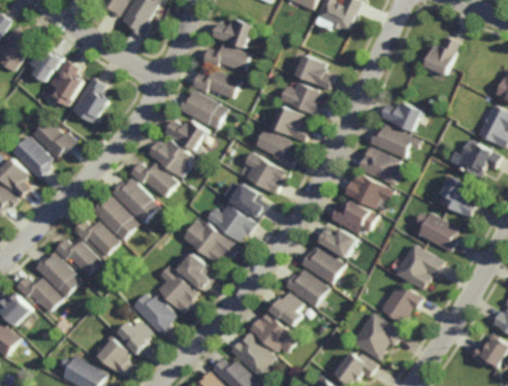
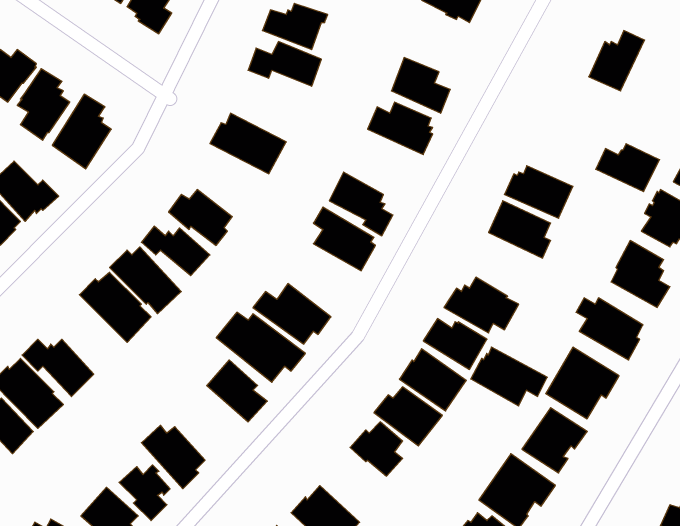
building: [190,69,239,100] -> none
building: [379,102,420,133] -> [596,144,660,192]
building: [271,106,309,143] -> none
building: [163,120,205,153] -> none
building: [343,170,392,208] -> [471,347,547,406]
building: [227,180,268,219] -> none
building: [73,217,120,255] -> none
building: [155,264,196,314] -> none
building: [247,311,297,353] -> none

